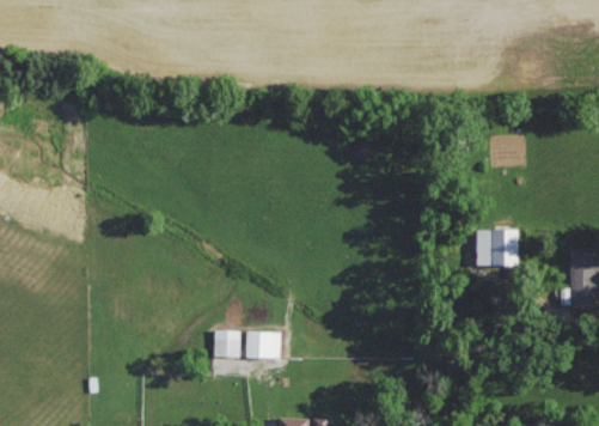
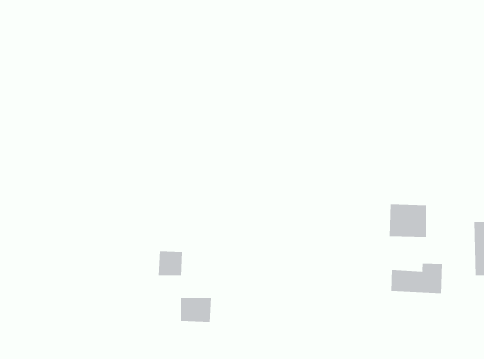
building: none -> [391,263,442,294]
building: [213,329,240,357] -> [158,251,183,276]

